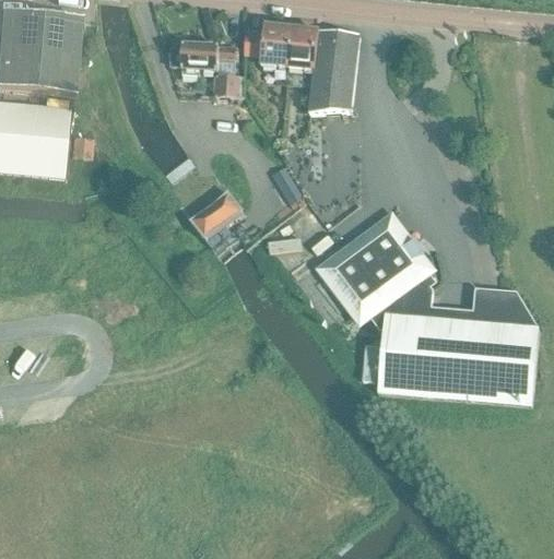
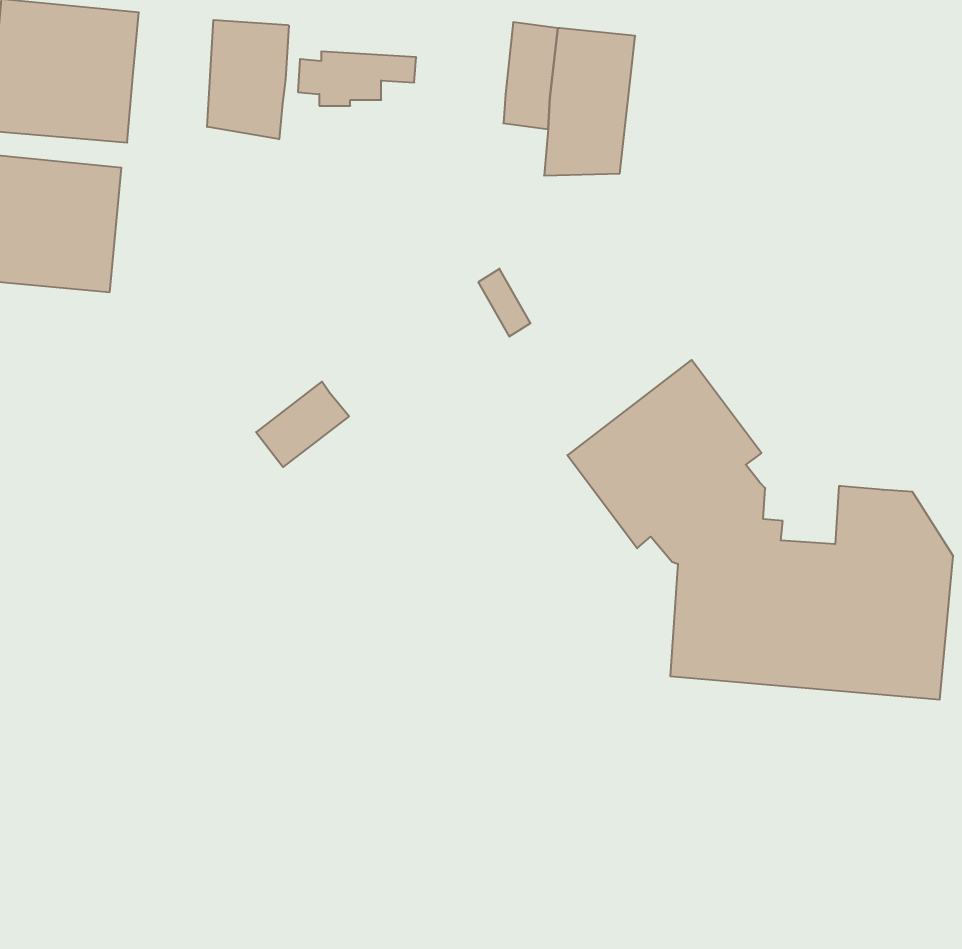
building: [241,22,290,64] -> none
building: none -> [207,20,289,139]
building: [211,72,241,94] -> none
building: [189,190,241,238] -> [256,382,349,467]

